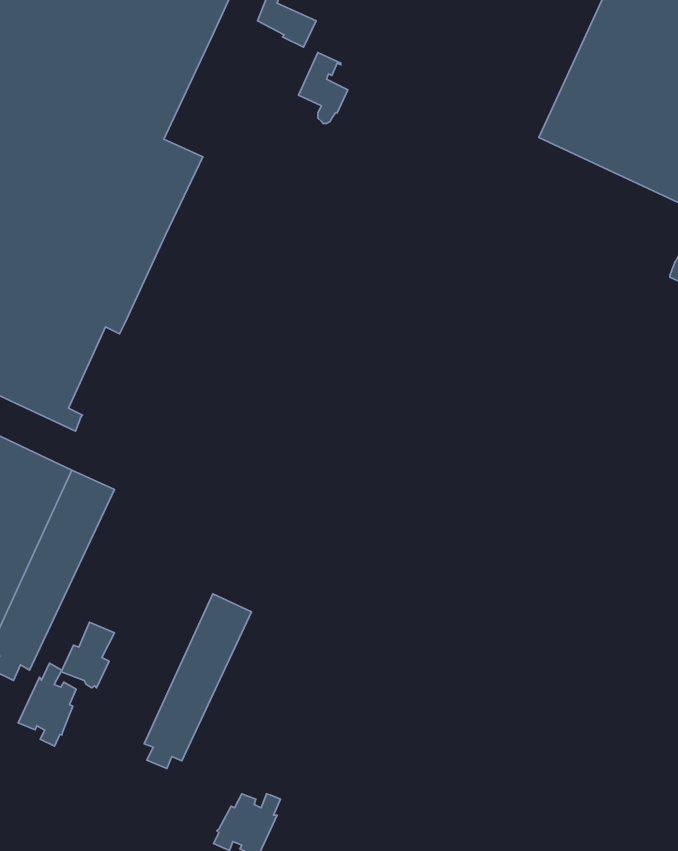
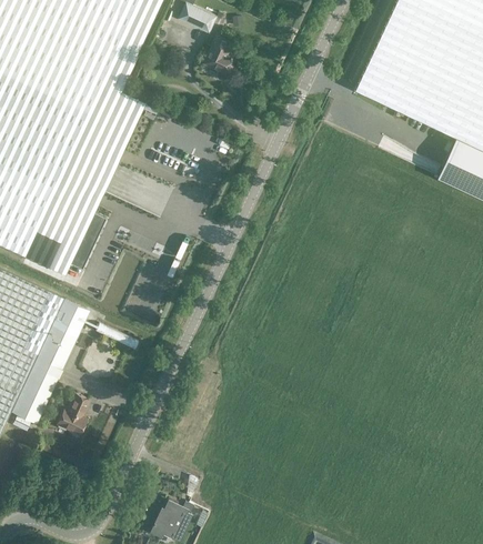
building: none -> [61,208,105,269]
building: [144,594,251,769] -> none
building: [18,663,76,746] -> none

